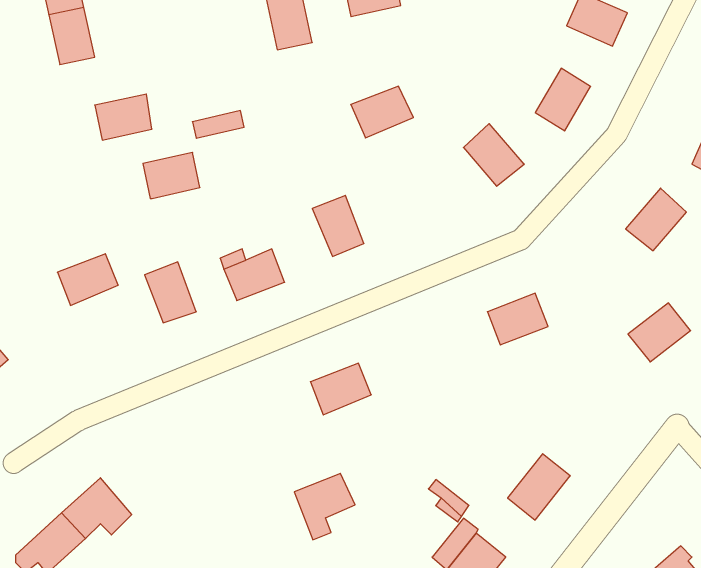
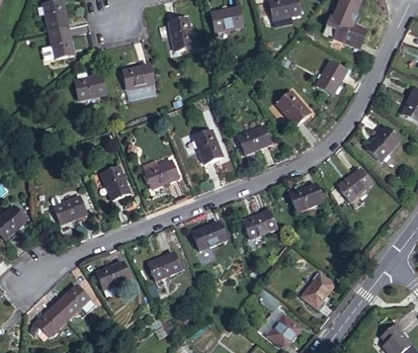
building: [351,86,413,138] -> [237,125,271,154]
building: [143,152,200,199] -> [122,64,154,89]
building: [57,254,118,305] -> [54,195,87,224]
building: [628,303,691,362] -> [337,168,371,200]
building: none -> [243,209,275,239]
building: none -> [96,261,130,296]
building: [294,473,355,540] -> [148,252,181,288]

